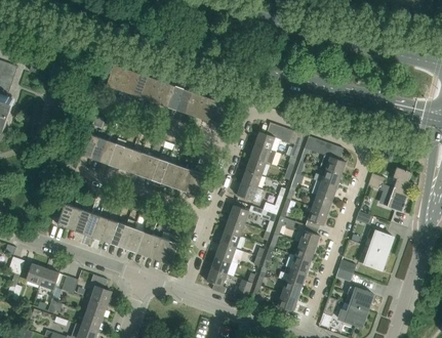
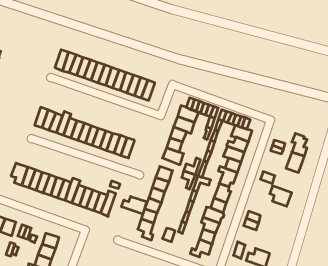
building: none -> [122,196,147,214]
building: [358,247,387,269] -> none
building: [345,286,372,310] -> none

